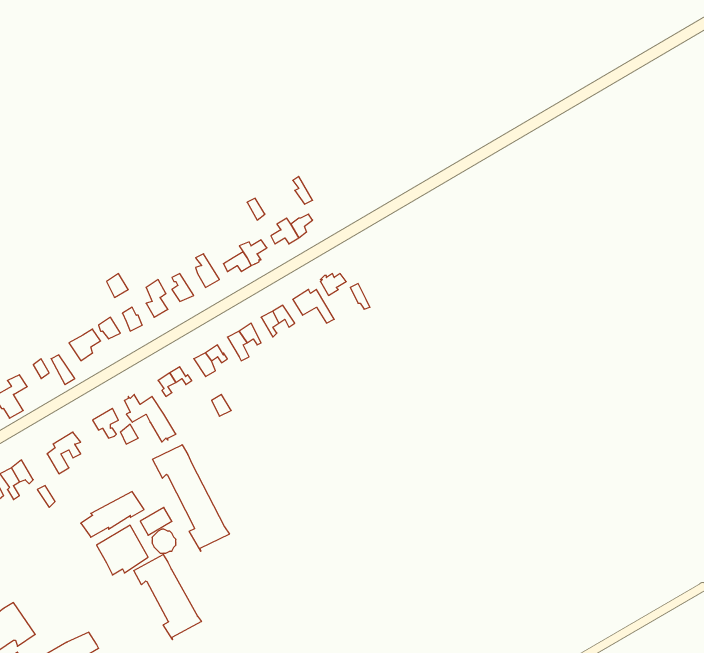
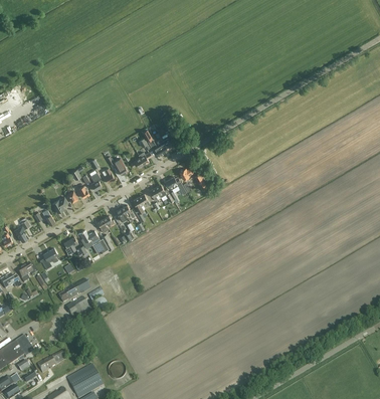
building: [153,445,229,551] -> none
building: [134,555,201,640] -> none

